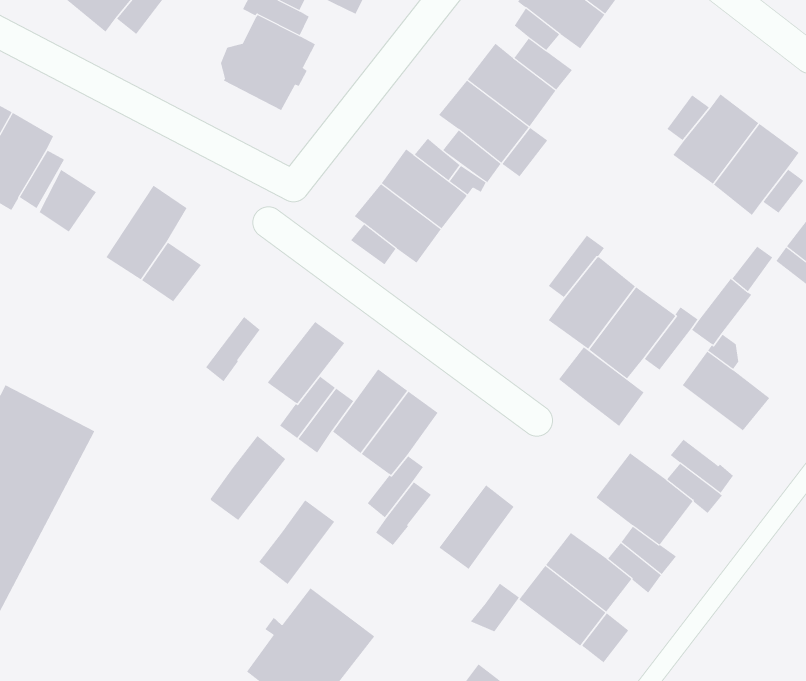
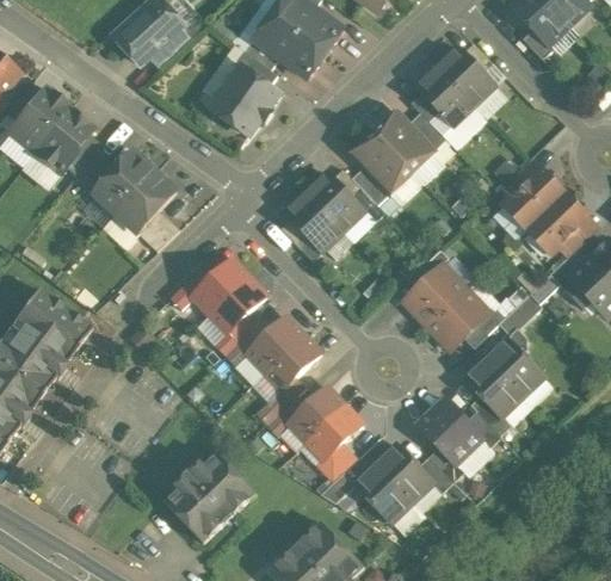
building: none -> [93,152,154,214]
building: [558,346,645,427] -> [464,359,520,416]
building: [210,435,286,521] -> [192,259,247,314]
building: [257,500,335,585] -> [288,387,344,441]
building: none -> [314,441,357,483]

